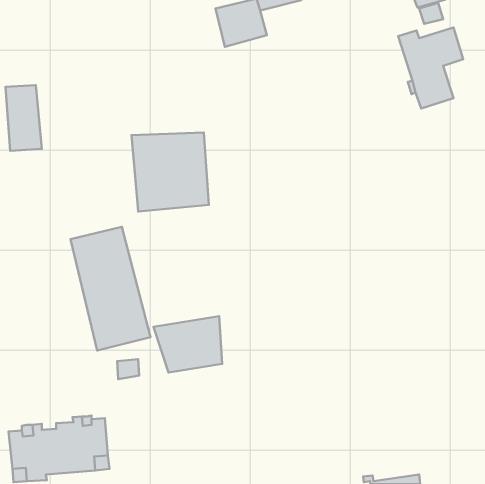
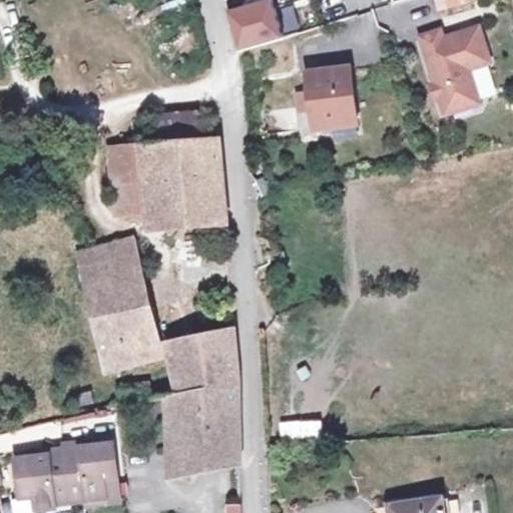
building: none -> [306,69,357,130]
building: [5,85,42,151] -> [108,142,146,211]
building: none -> [166,383,239,472]

